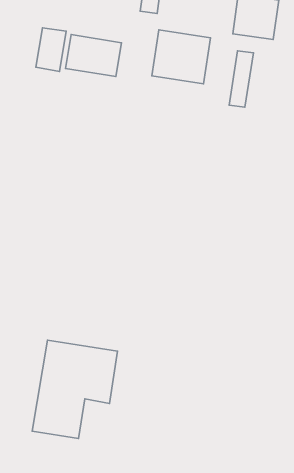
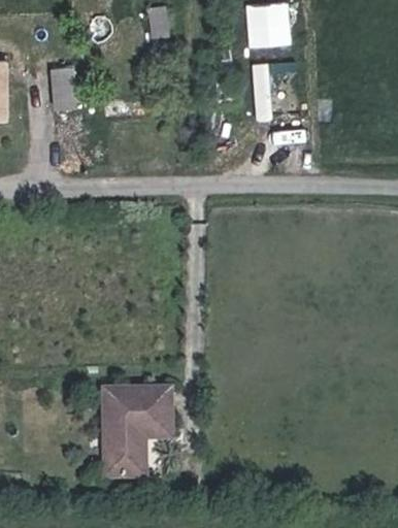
building: [152,30,211,84] -> none
building: [66,35,121,77] -> none

